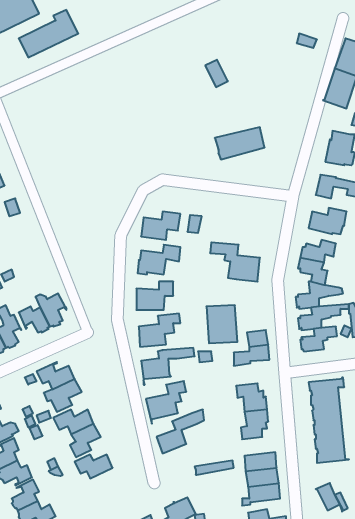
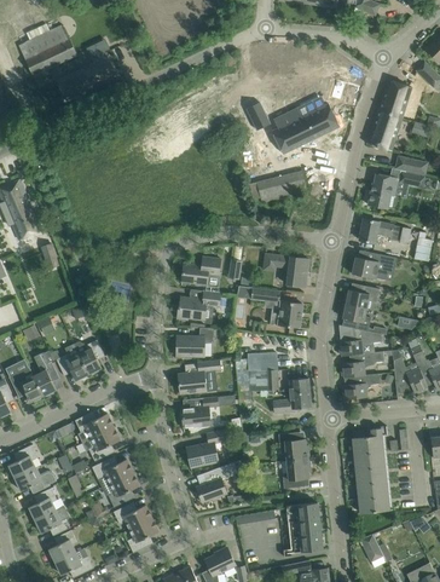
building: none -> [271,103,338,154]
building: none -> [264,253,309,286]
building: none -> [128,517,160,552]

